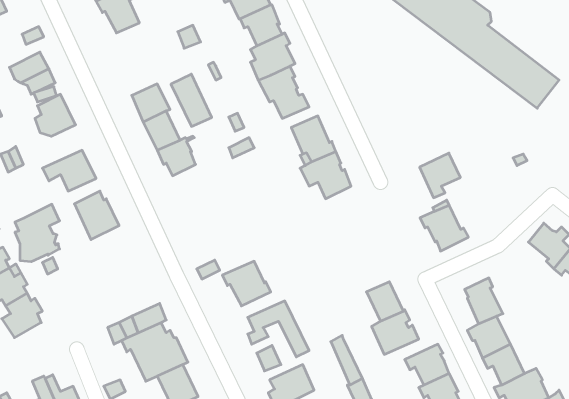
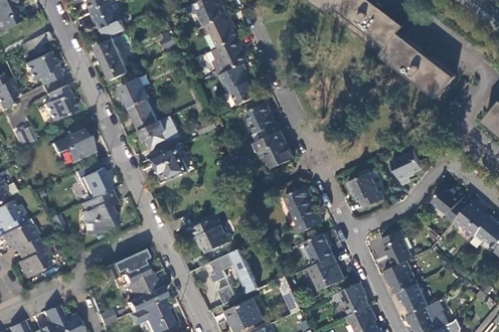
building: [171,74,212,126] -> [95,38,127,79]
building: [420,153,460,198] -> [390,150,423,185]
building: none -> [149,147,185,180]
building: [15,204,60,262] -> [79,189,115,234]
building: none -> [284,186,322,232]

